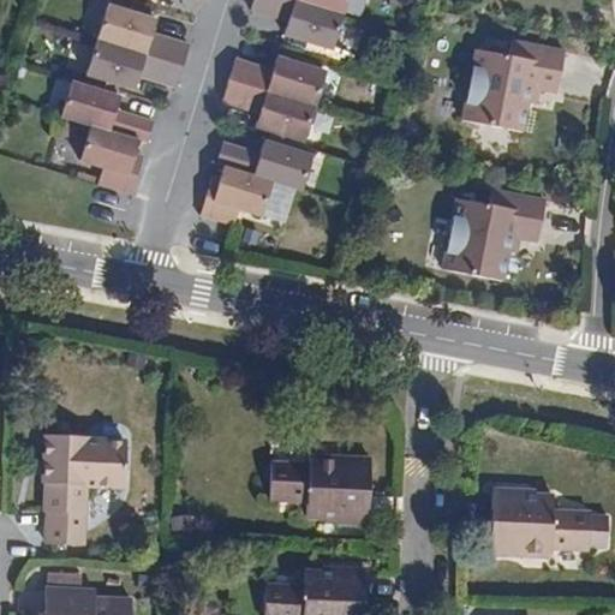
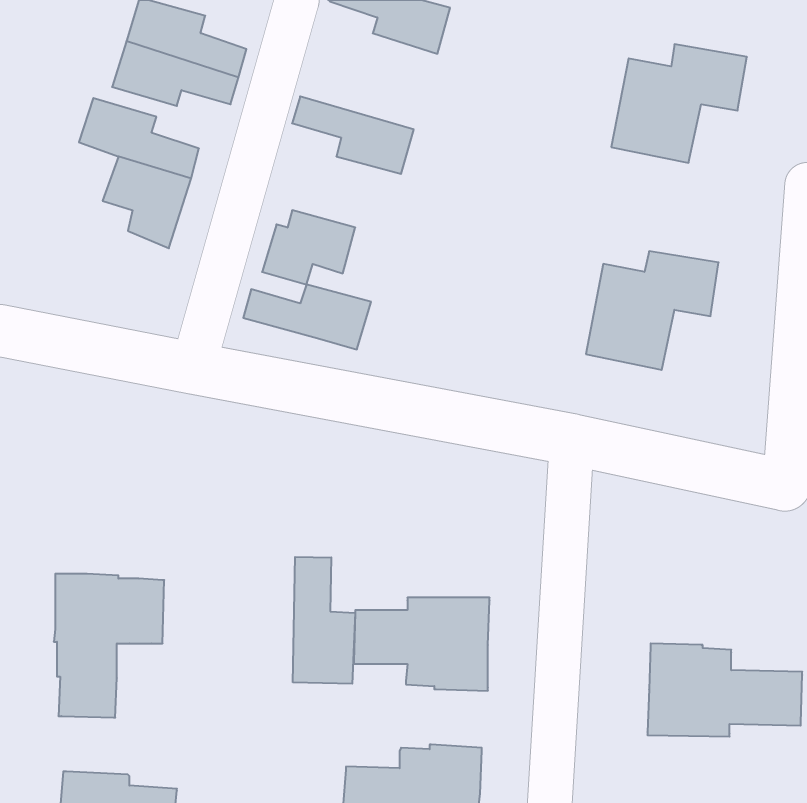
building: [228,53,326,102] -> none
building: [214,136,311,185] -> [243,285,371,349]
building: none -> [293,557,355,684]

